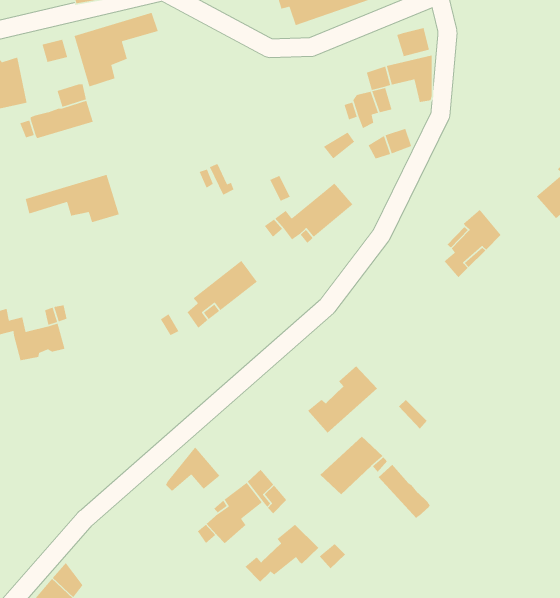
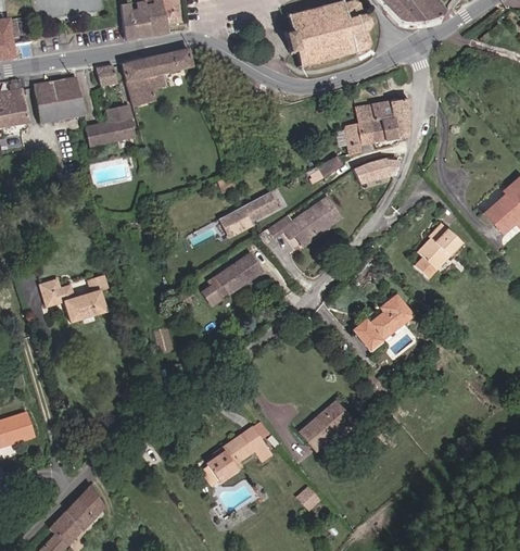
building: [396,27,430,57] -> [371,117,397,140]
building: [25,174,120,223] -> none
building: none -> [224,192,277,228]
building: [307,365,378,434] -> [356,295,414,348]
building: [165,446,221,492] -> none
building: [378,464,431,519] -> none
building: [245,524,319,583] -> none

